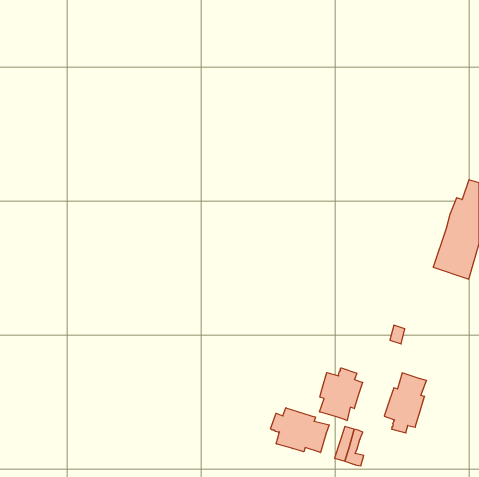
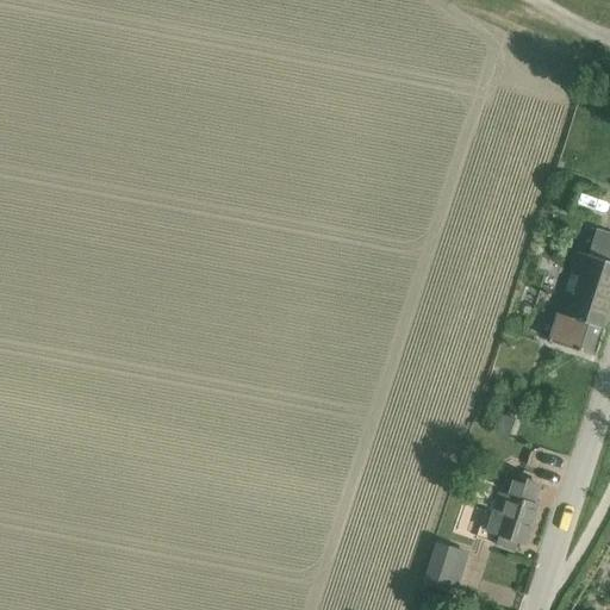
building: [320,368,363,421] -> none
building: [271,408,329,453] -> none

